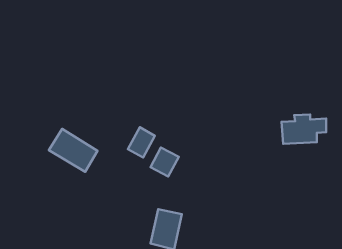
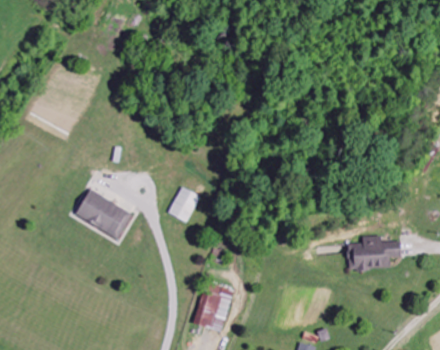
building: [282,114,326,144] -> [347,235,400,270]
building: [150,148,179,176] -> none

